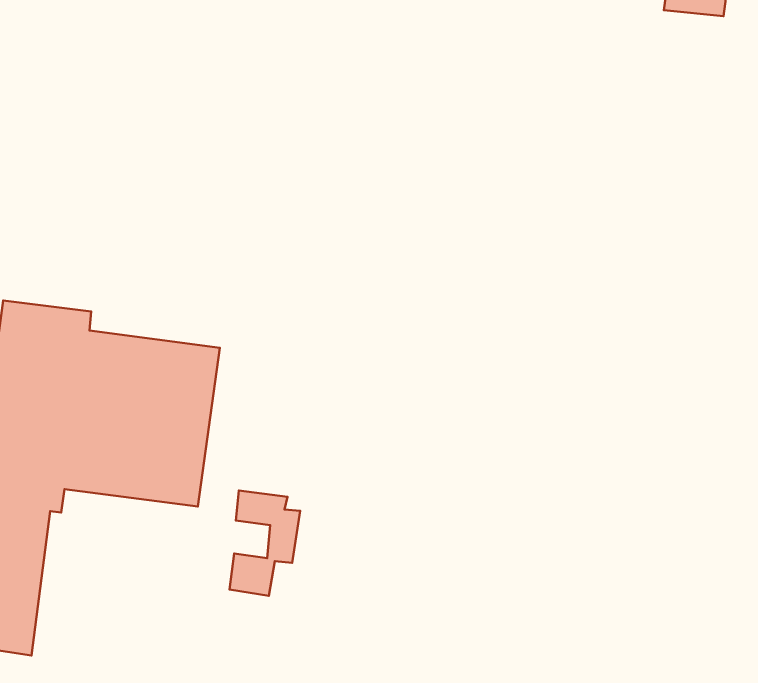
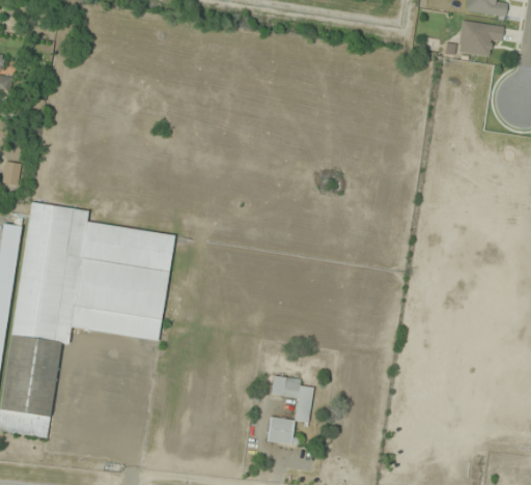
building: none -> [457,20,503,56]
building: [229,491,300,596] -> [267,375,313,445]

